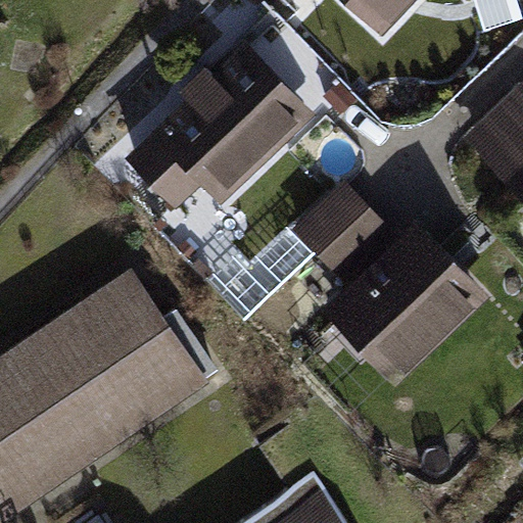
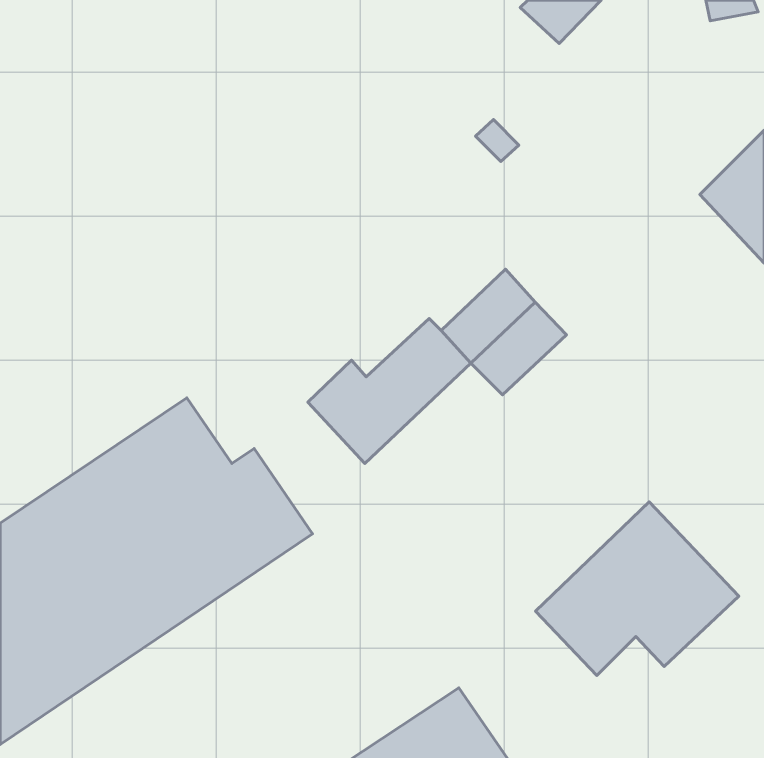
building: [136,54,303,200] -> none
building: [337,234,476,352] -> [536,502,739,675]

